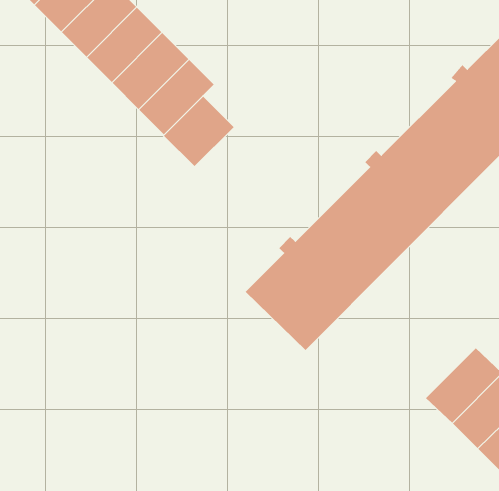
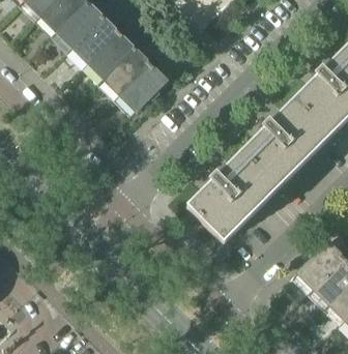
building: [163,96,234,167] -> none

